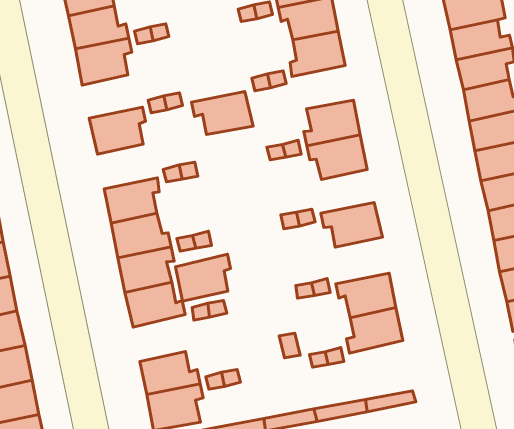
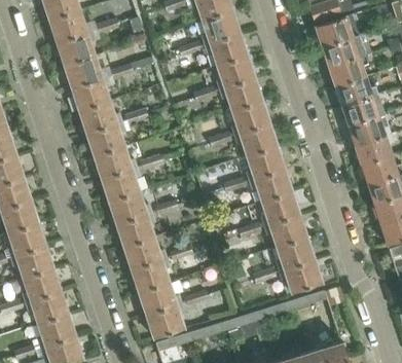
building: none -> [79,102,121,134]
building: [192,91,253,135] -> [219,79,262,111]
building: none -> [95,147,137,180]
building: none -> [246,147,284,180]
building: none -> [261,191,299,226]
building: [176,254,231,301] -> [132,258,169,293]
building: none -> [279,259,322,293]

